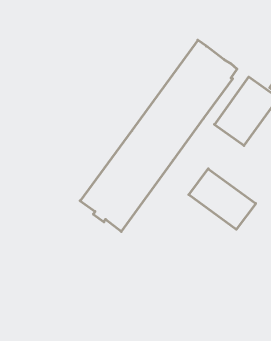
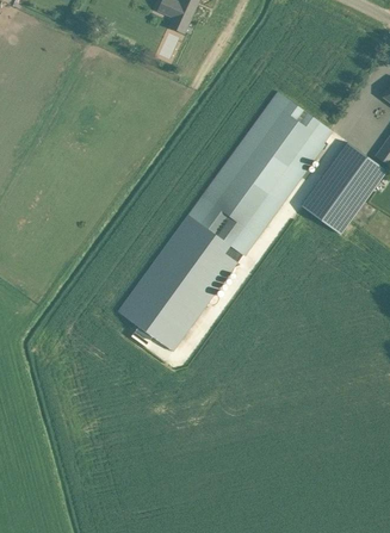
building: [189,169,256,229] -> none

